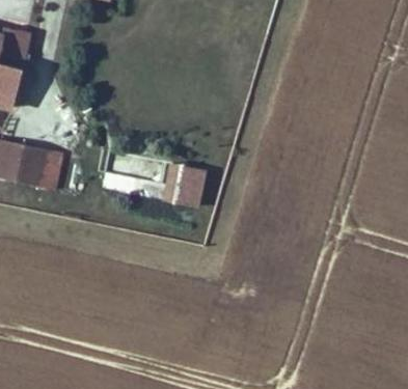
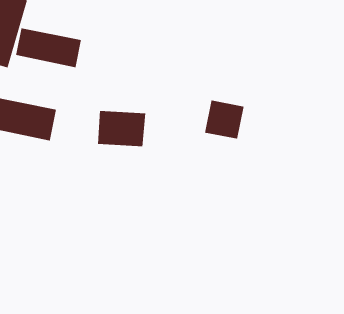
building: none -> [15,28,82,68]
building: [160,163,205,206] -> [204,100,244,139]

